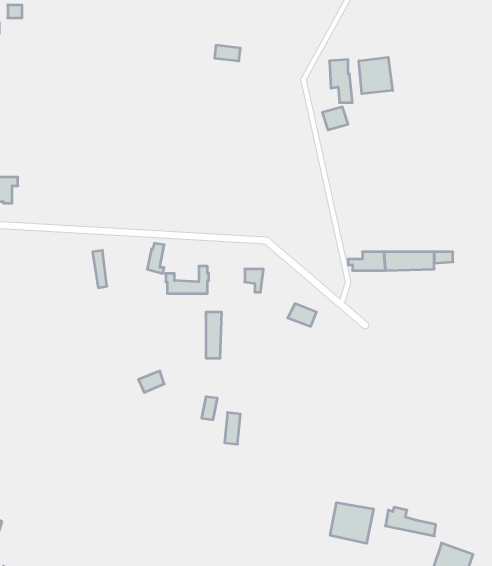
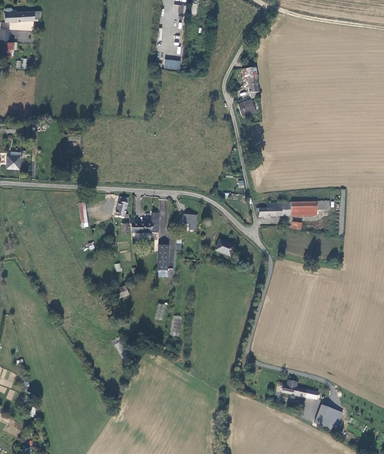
building: [359,57,393,94] -> none
building: [330,503,374,543] -> none

